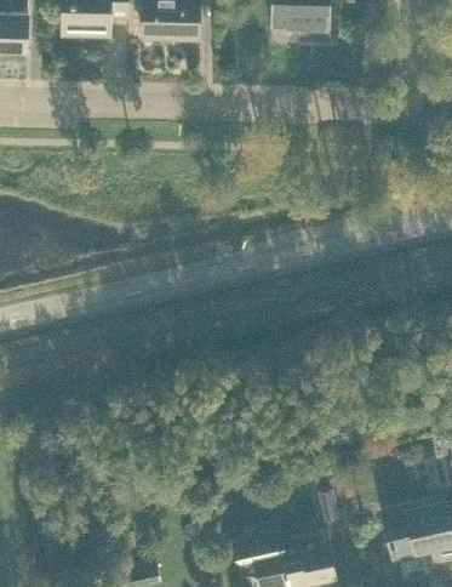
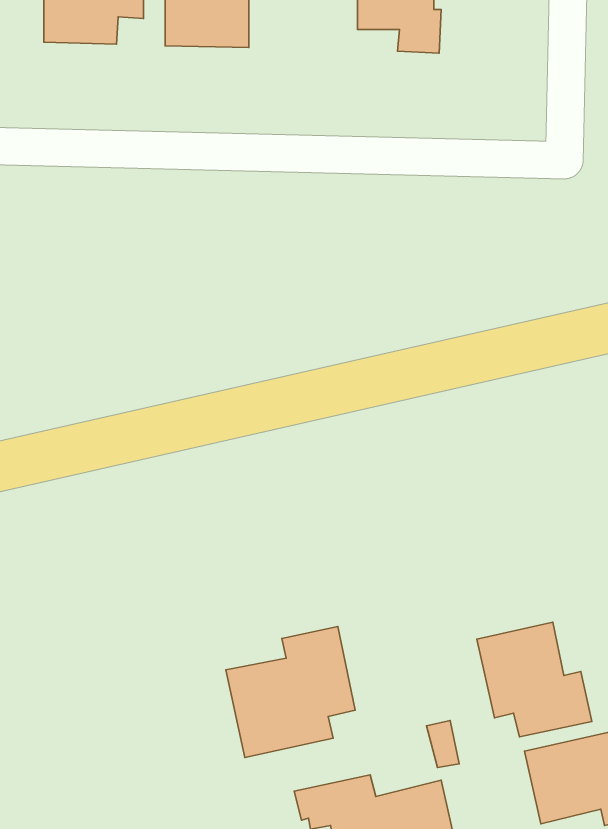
building: none -> [477,622,592,737]
building: none -> [226,627,355,757]

